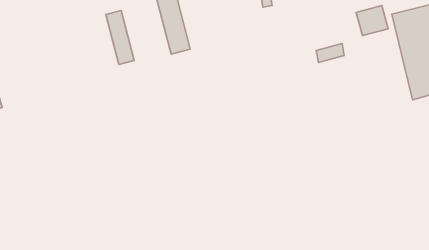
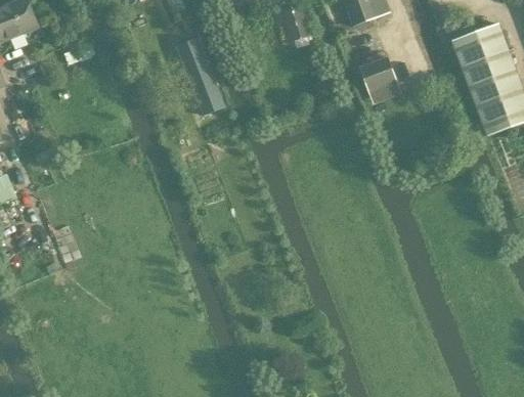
building: [356,6,388,36] -> [358,54,397,91]
building: [106,11,134,64] -> none

